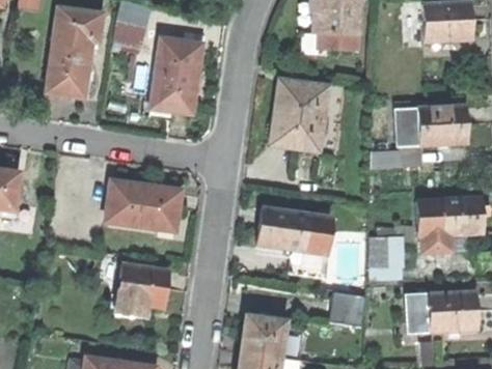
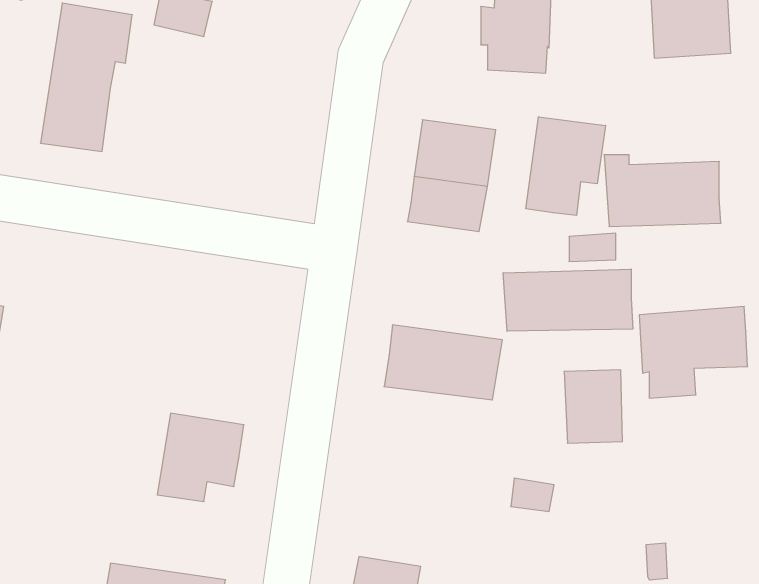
building: [151,38,202,112] -> none
building: none -> [526,117,606,215]
building: none -> [503,269,633,331]
building: [106,180,181,229] -> none
building: [407,290,479,332] -> none
building: [242,317,285,358] -> none

